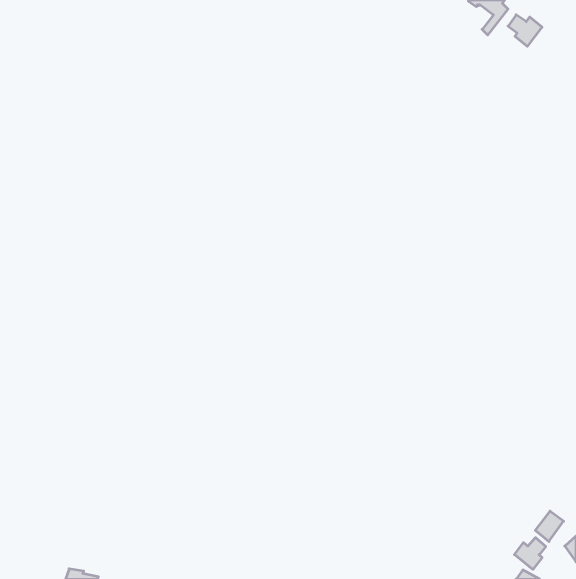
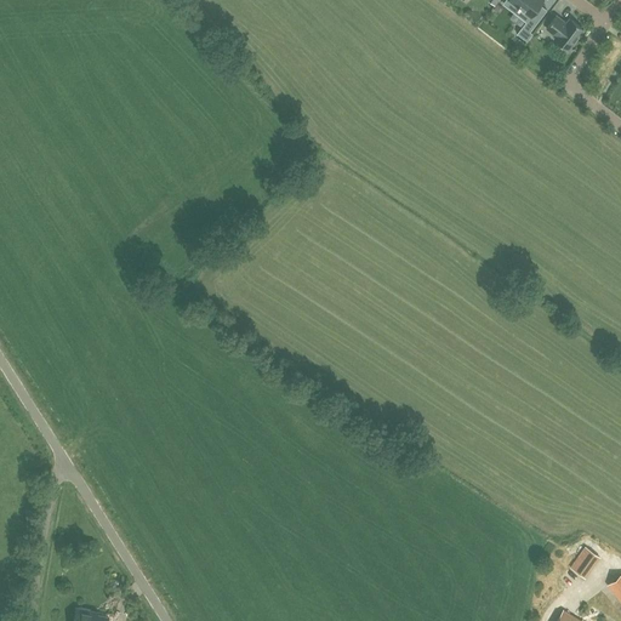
building: [514,538,546,569] -> none

